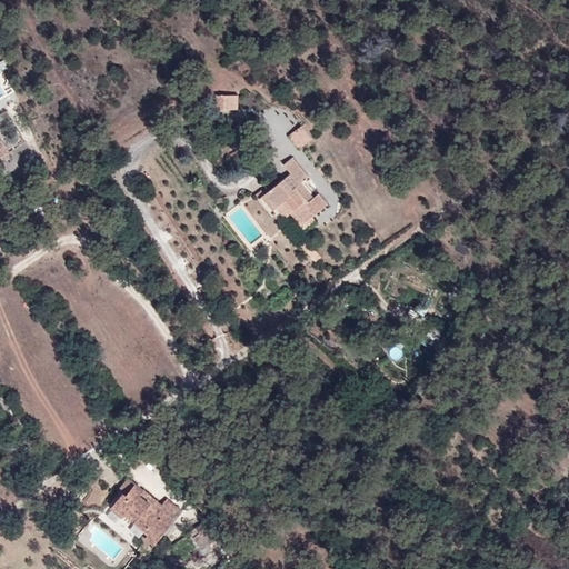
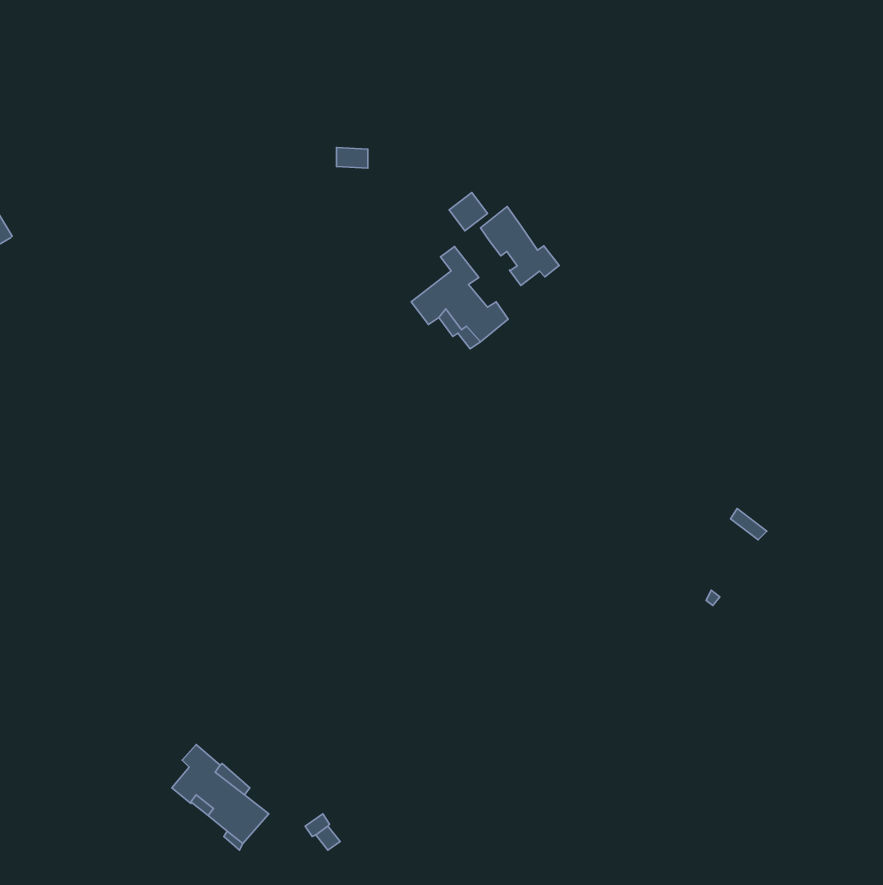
building: none -> [480,206,559,286]

